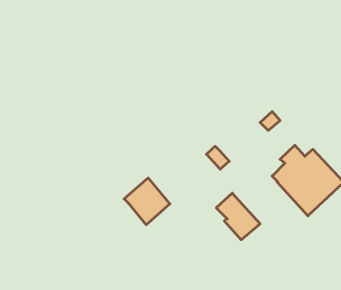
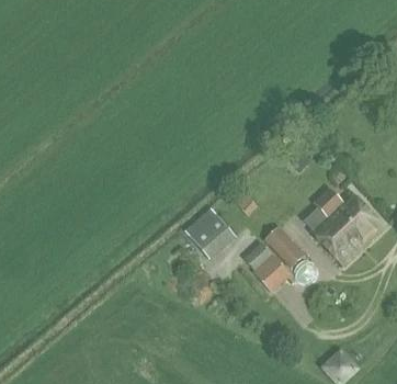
building: [124,178,170,225] -> [185,208,236,260]
building: none -> [264,226,306,269]

